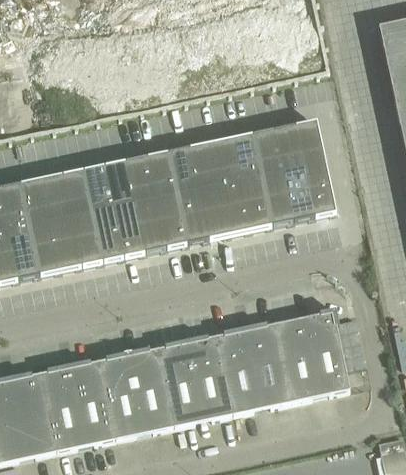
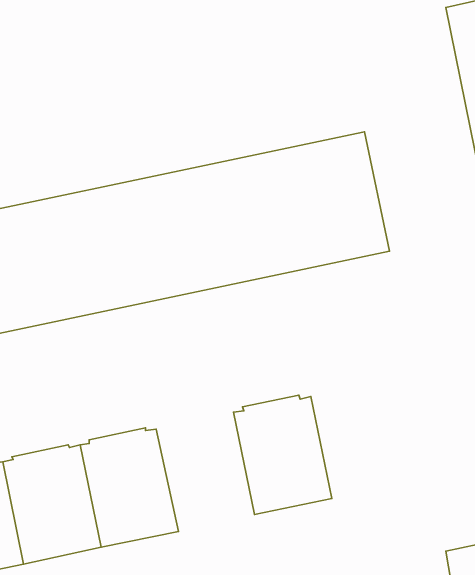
building: [276,307,351,400] -> none
building: [158,334,233,425] -> none

